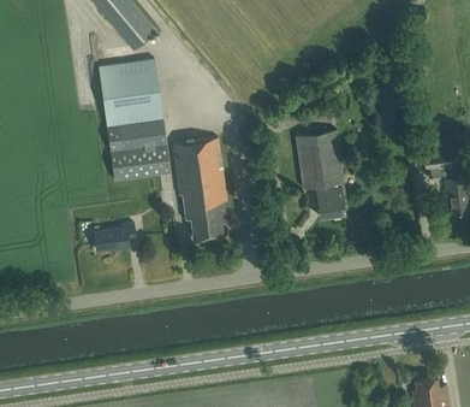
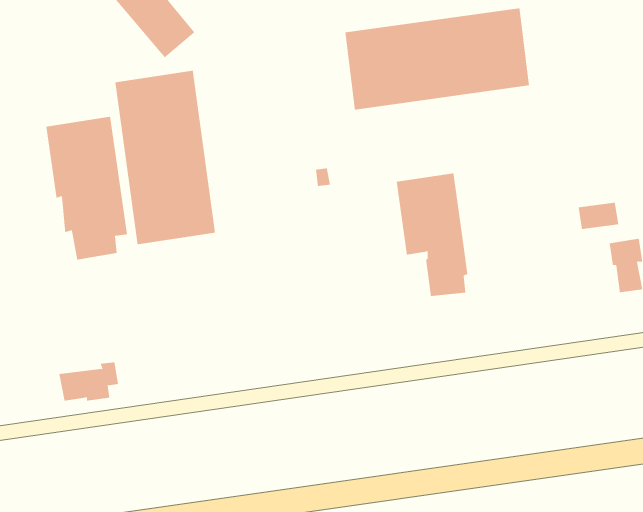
building: none -> [345,7,529,110]
building: [172,138,230,240] -> [46,116,128,260]
building: [94,224,136,252] -> [59,362,119,401]

